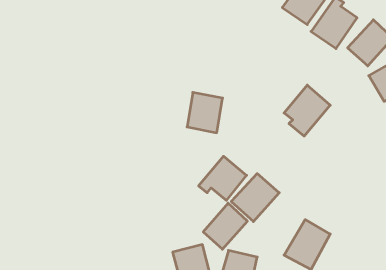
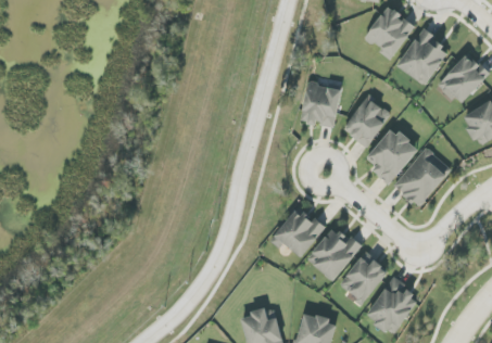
building: none -> [342,96,391,145]
building: [187,92,223,133] -> [301,81,341,127]
building: none -> [393,147,452,206]
building: [203,203,247,249] -> [339,251,389,303]

